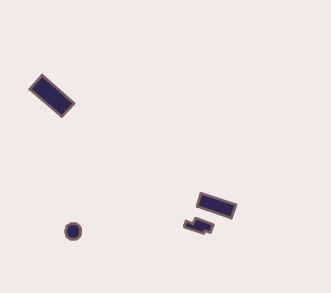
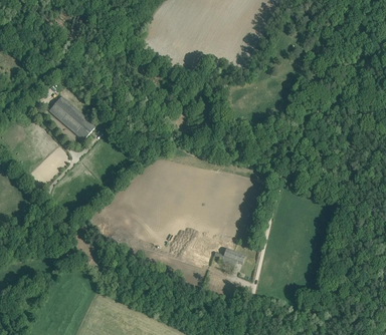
building: [197,193,236,218] -> none

